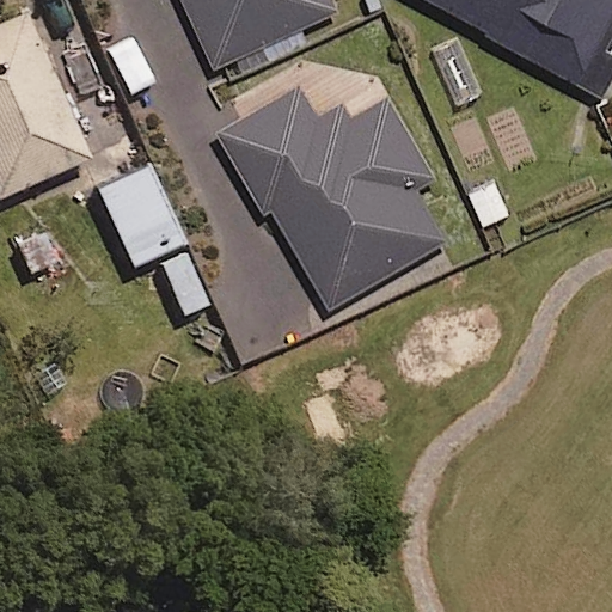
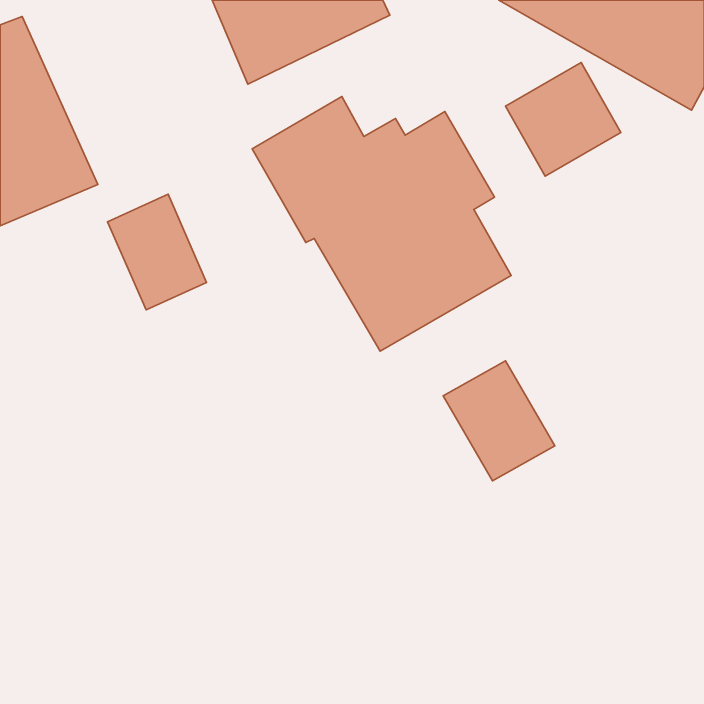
building: none -> [506,62,621,176]
building: none -> [443,361,555,481]

